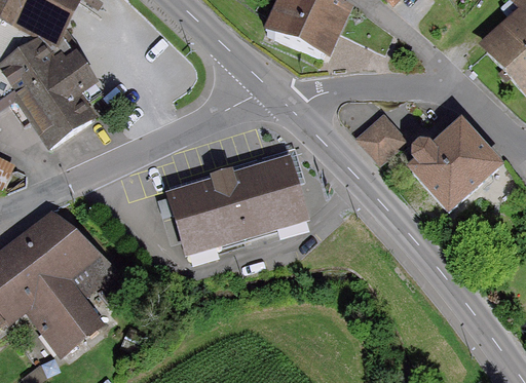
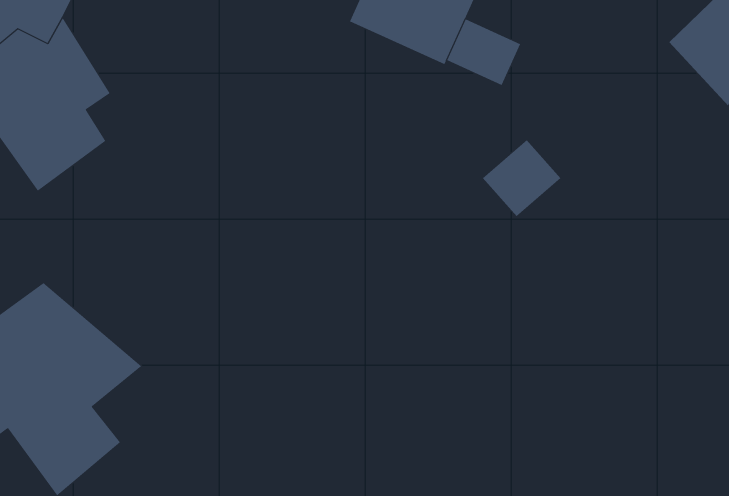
building: none -> [447,18,521,86]
building: [402,129,494,215] -> none
building: [166,155,307,254] -> none

